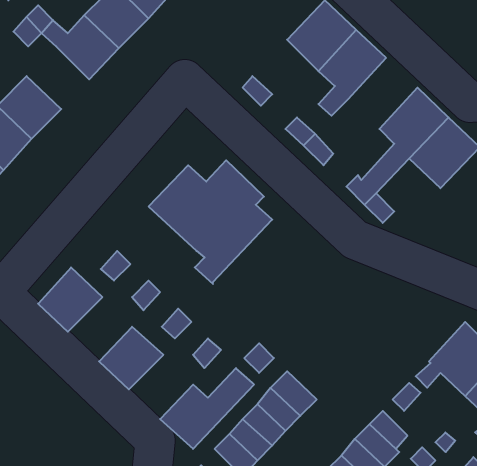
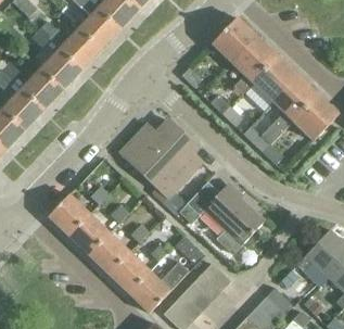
building: none -> [40,47,81,88]
building: none -> [252,54,297,101]
building: none -> [179,180,265,254]
building: none -> [67,212,110,254]
building: none -> [107,250,150,292]

